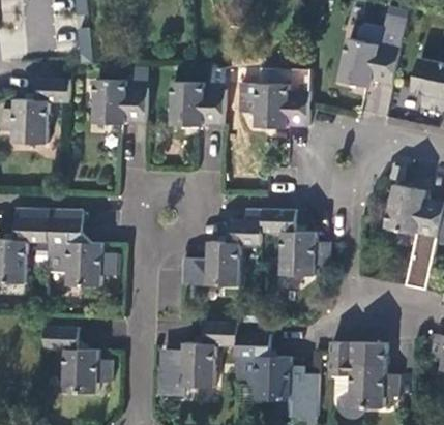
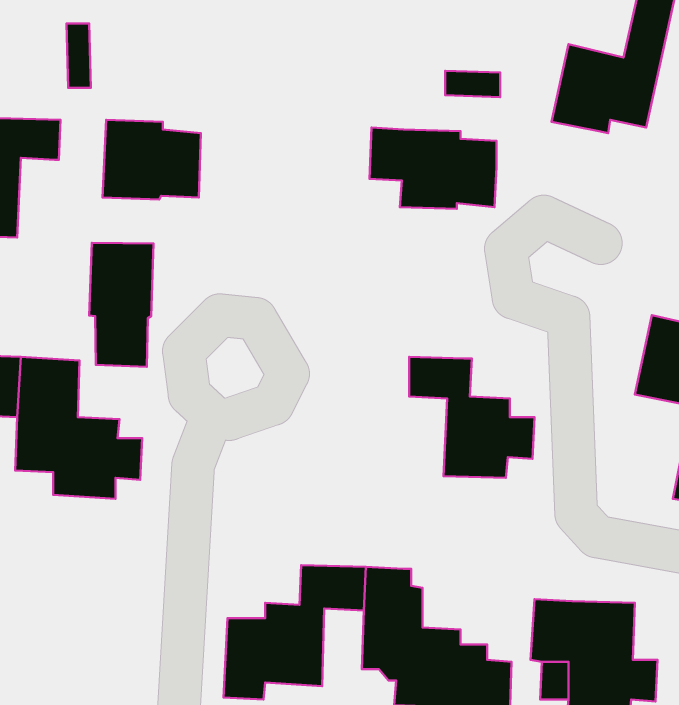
building: [173,81,226,125] -> none
building: none -> [89,243,154,367]
building: [182,208,262,286] -> none
building: [43,326,111,393] -> none

